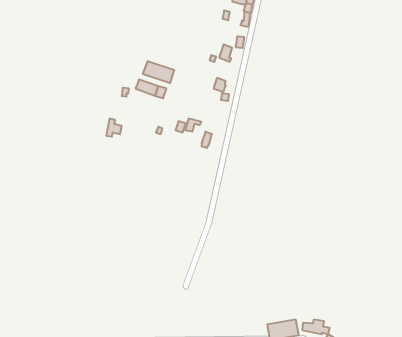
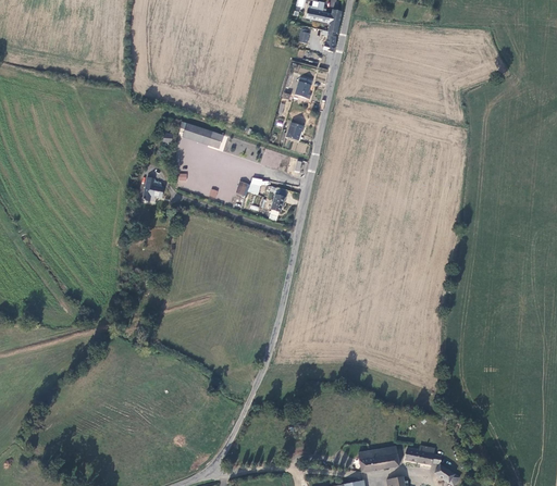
building: [143,61,174,83] -> none

